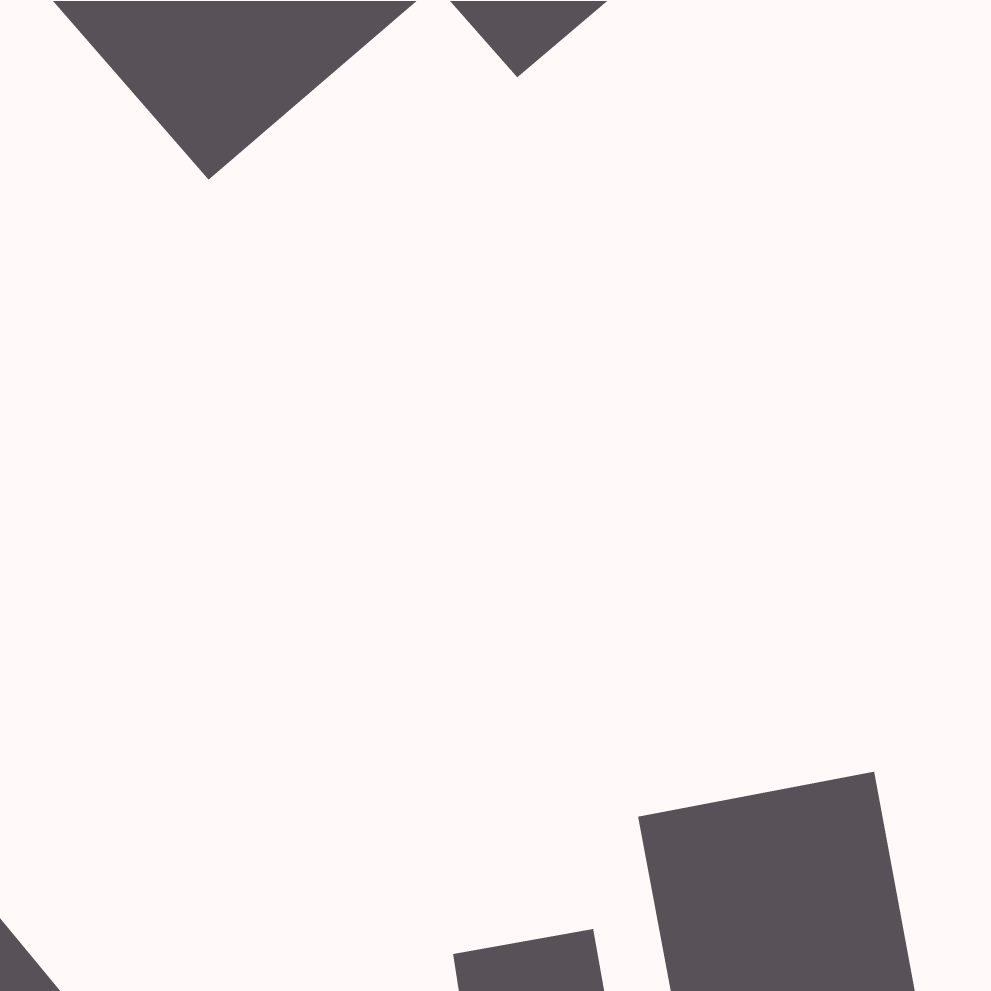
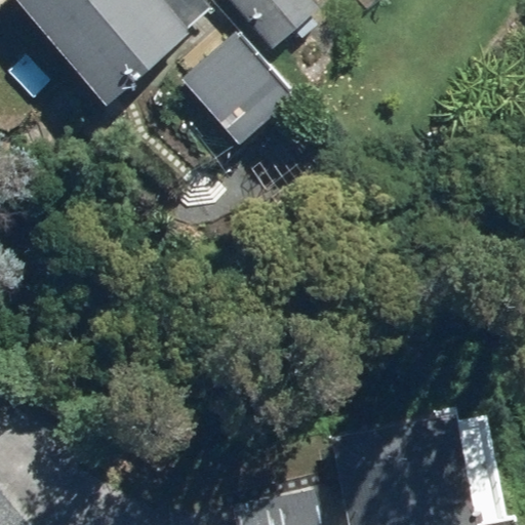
building: none -> [183,31,294,144]

